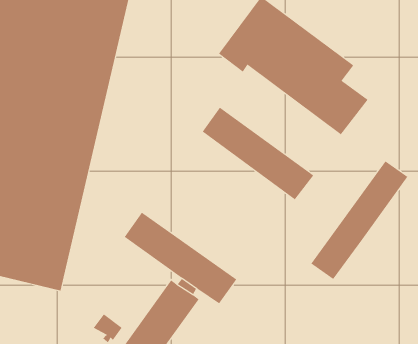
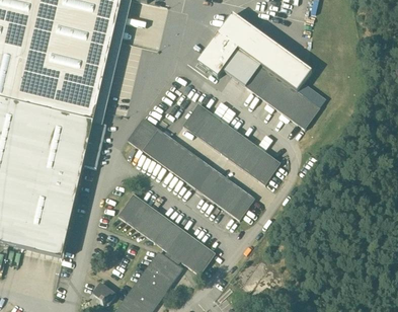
building: none -> [127,118,253,219]
building: [311,160,408,280] -> none

